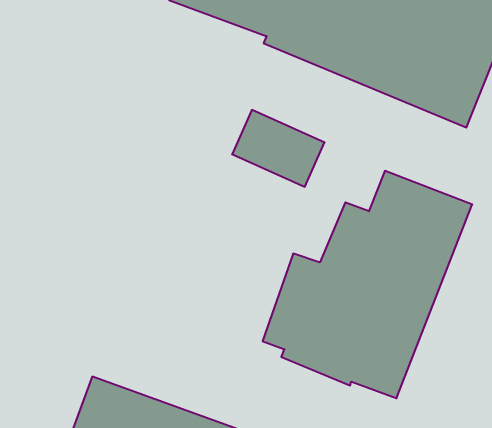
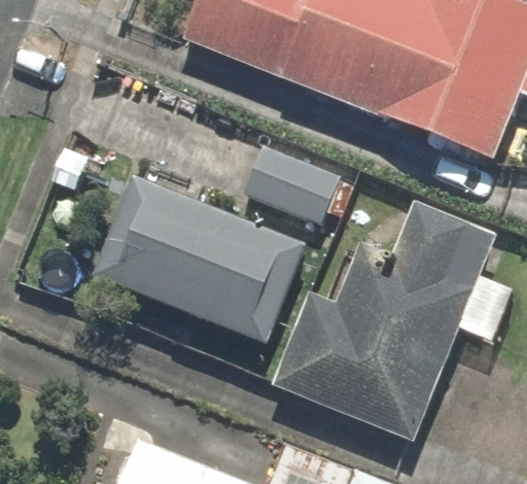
building: none -> [100,181,302,338]

